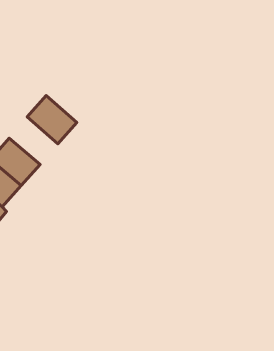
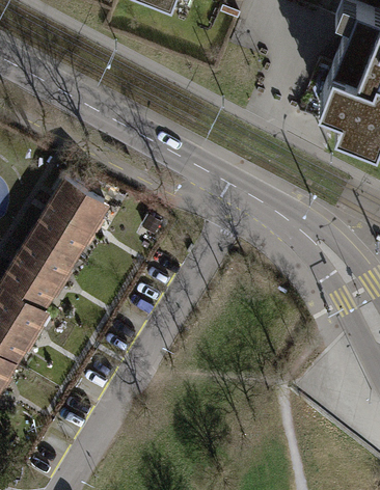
building: none -> [35,207,88,255]

